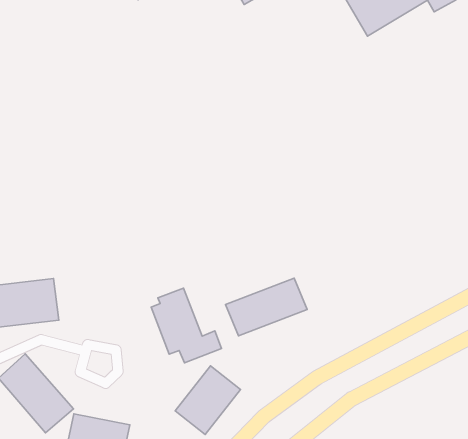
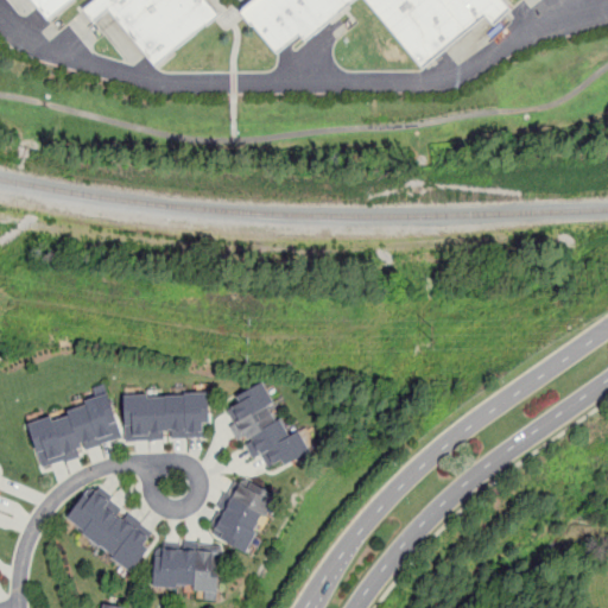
building: [226,278,307,336] -> none
building: none -> [122,390,208,439]
building: [175,366,241,434] -> [207,474,277,552]

